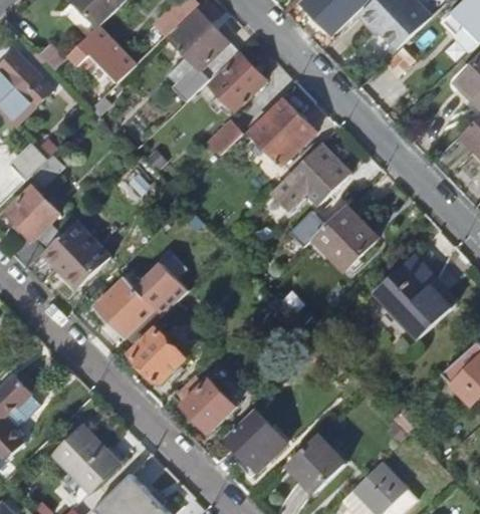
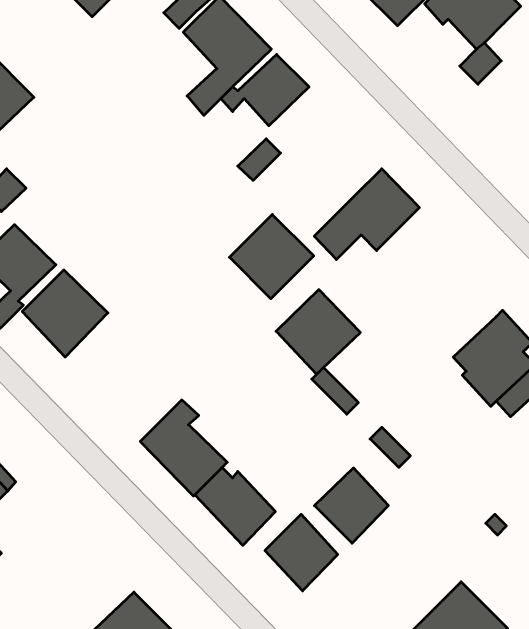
building: [67,26,132,79] -> none
building: [248,99,313,165] -> [229,214,314,299]
building: [311,205,377,270] -> [276,290,360,374]
building: [95,264,190,340] -> none
building: [52,425,117,490] -> none
building: [288,434,345,492] -> [314,468,388,543]

